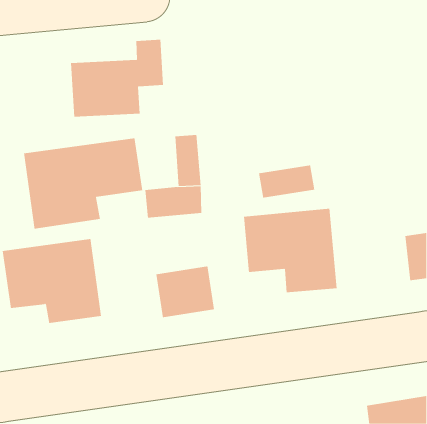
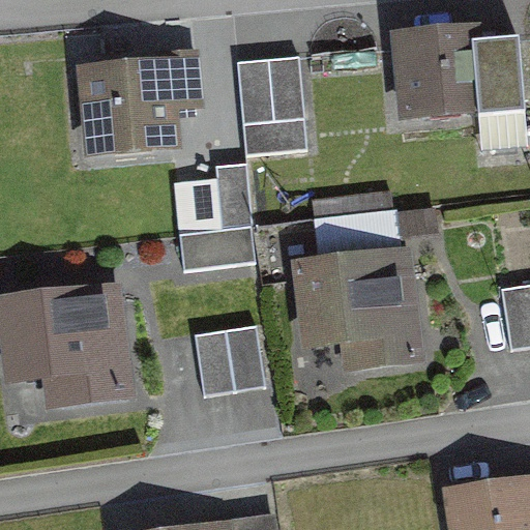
building: none -> [399,35,518,118]
building: none -> [238,58,304,151]
building: [23,137,143,230] -> none

